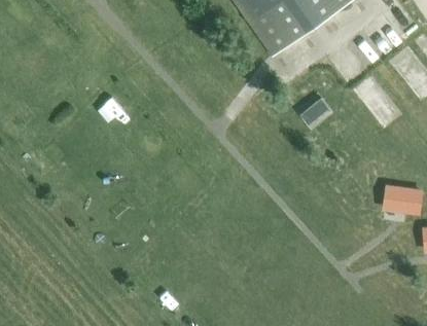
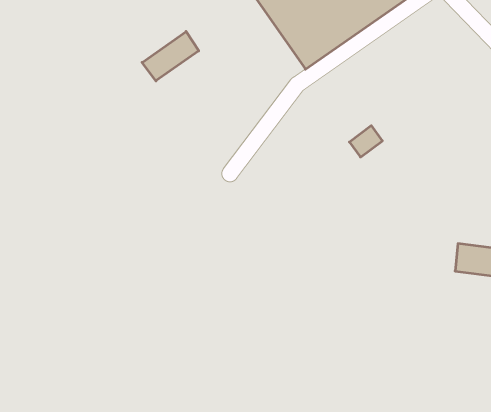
building: none -> [142,31,199,81]

